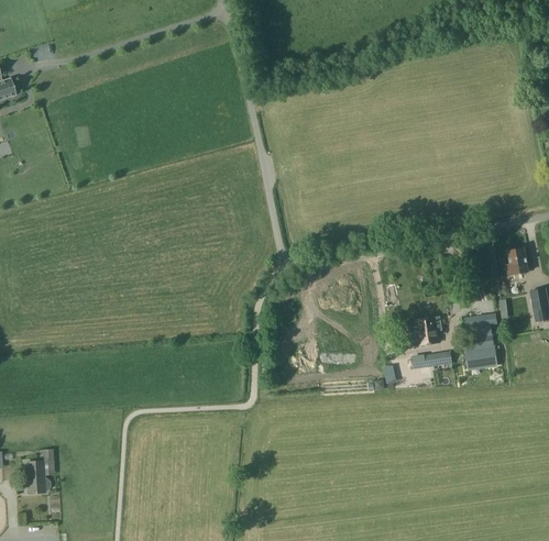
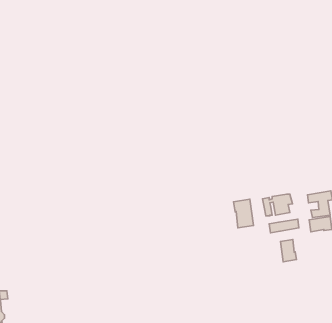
building: none -> [233,199,253,228]
building: none -> [281,240,297,262]

